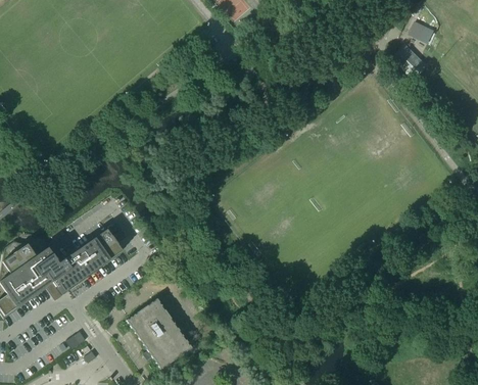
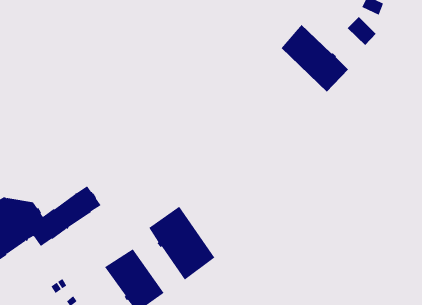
building: none -> [281,24,349,93]
building: none -> [148,206,215,281]

